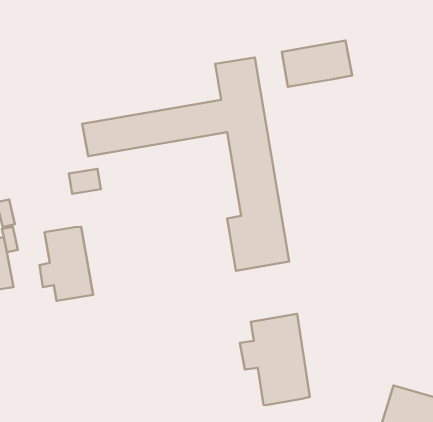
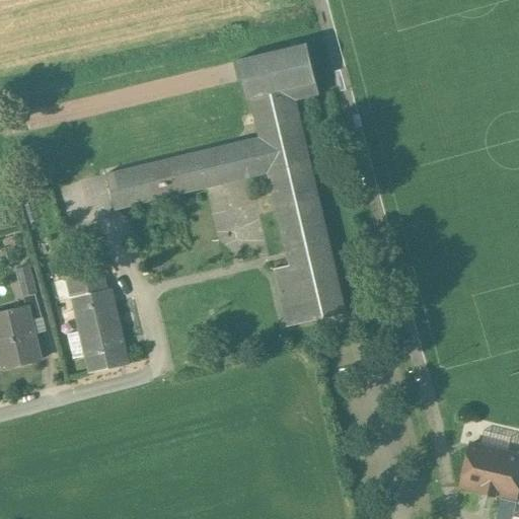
building: [282,41,352,87] -> [236,43,316,98]
building: [69,169,101,194] -> [68,267,104,296]
building: [240,314,310,405] -> none

